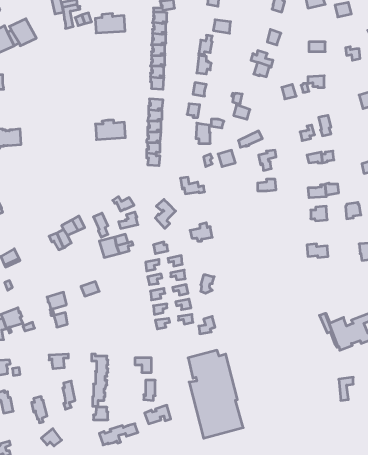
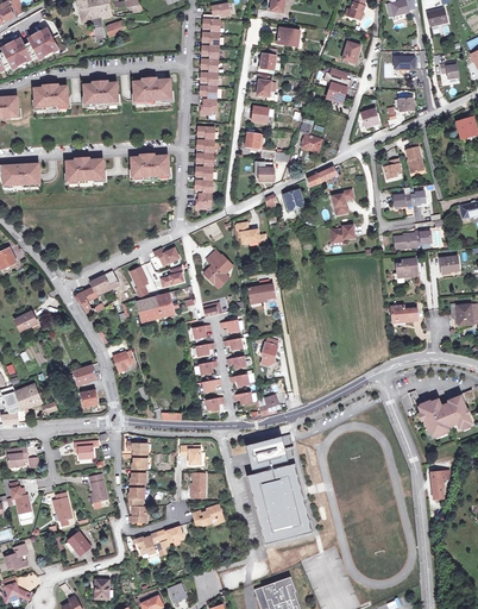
building: [95,14,125,33] -> [133,77,170,101]
building: none -> [83,81,117,103]
building: none -> [34,84,68,107]
building: none -> [67,157,103,181]

